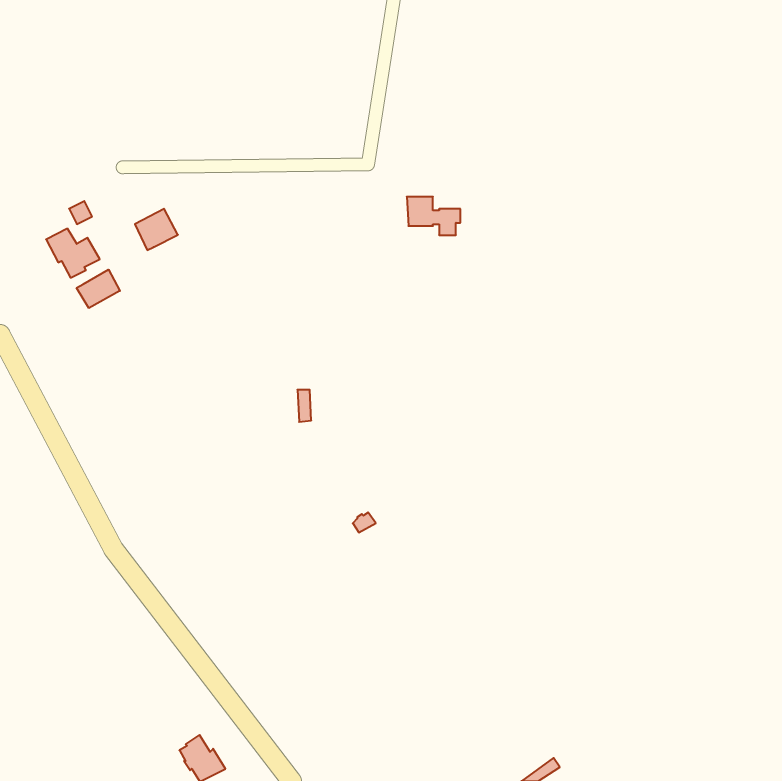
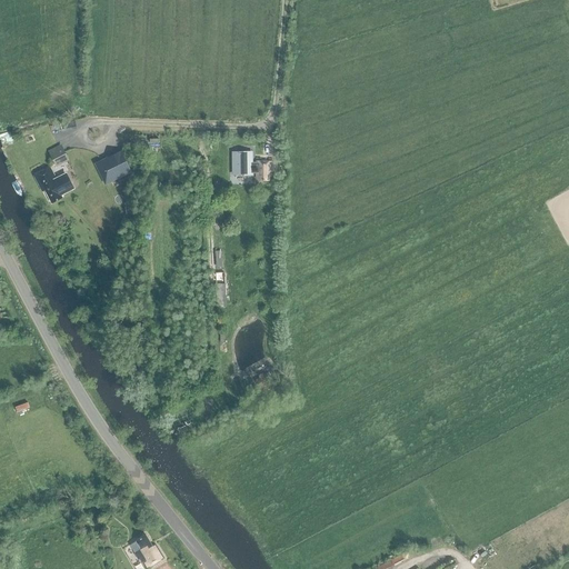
building: [407,197,460,235] -> [233,151,272,179]
building: [77,270,120,308] -> none

